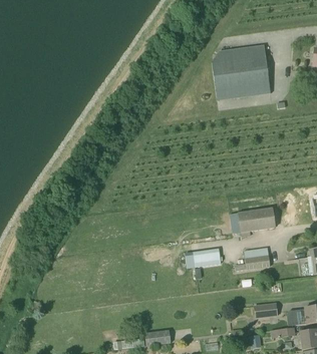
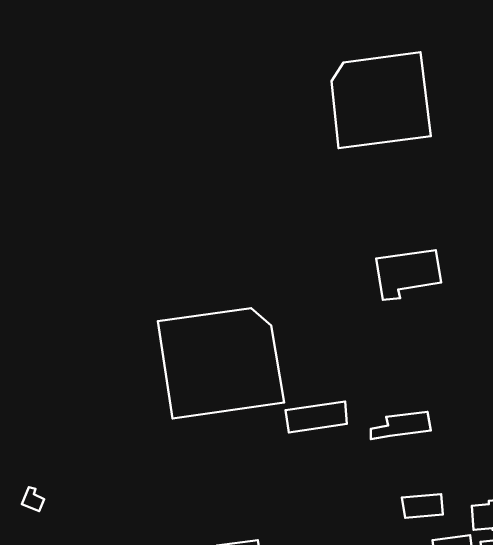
building: none -> [158,308,284,418]
building: [237,208,275,237] -> [376,250,441,300]

